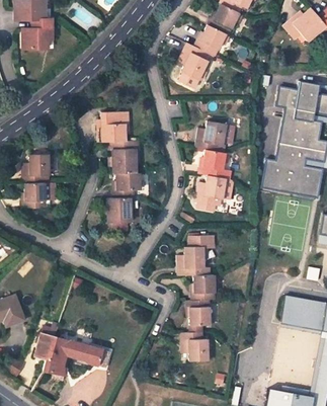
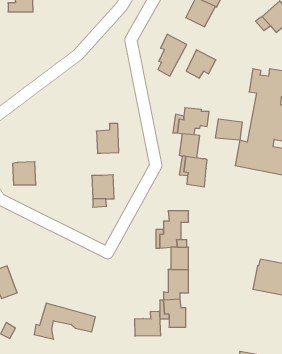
building: [23,18,52,48] -> none
building: [196,24,229,56] -> [186,50,216,78]
building: [101,111,126,142] -> none
building: none -> [216,119,242,140]
building: [24,153,49,183] -> none
building: [116,172,140,197] -> none
building: [34,328,57,360] -> none
building: none -> [135,311,161,336]

